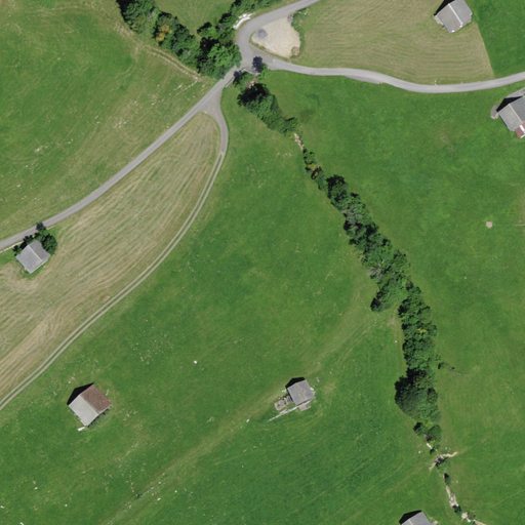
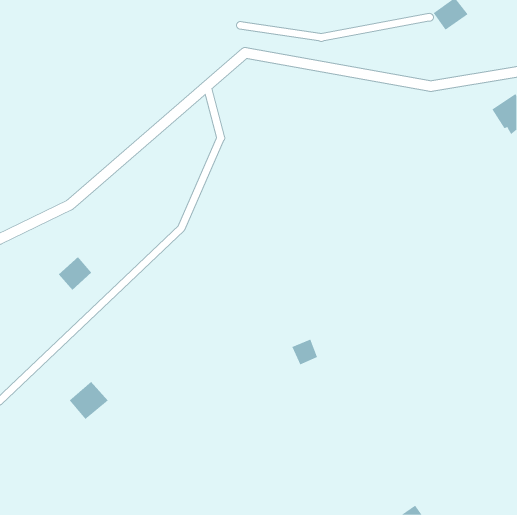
building: [14,238,49,273] -> [58,256,92,291]
building: [286,379,313,406] -> [292,339,318,365]

